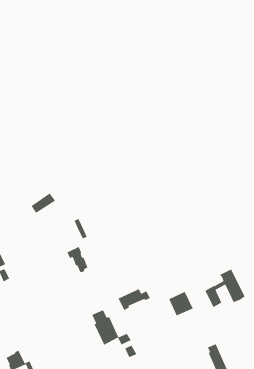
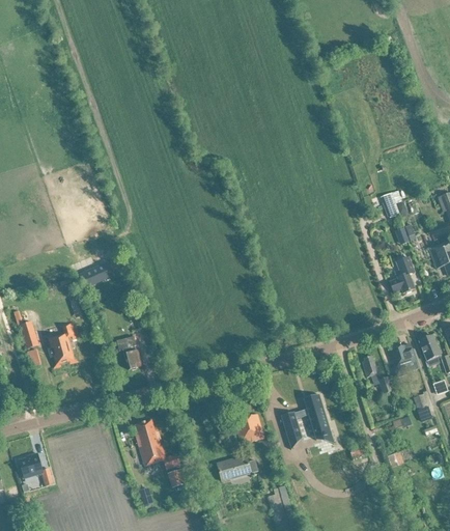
building: none -> [45,323,78,366]
building: [117,288,151,311] -> [217,455,258,481]

